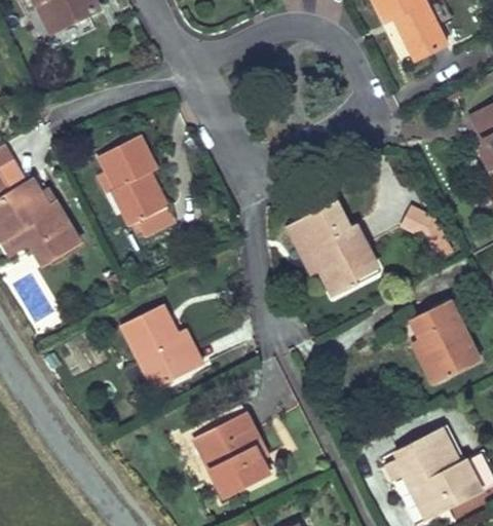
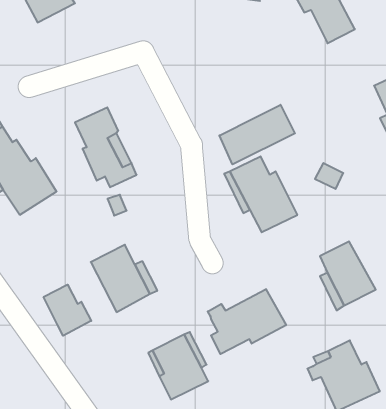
building: none -> [219,105,295,164]
building: none -> [44,285,91,336]
building: none -> [208,289,286,354]

